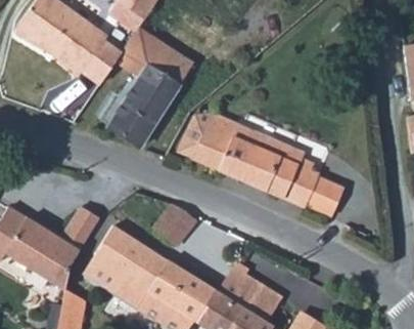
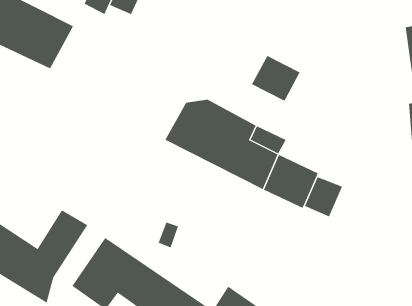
building: [104,32,176,145] -> none
building: none -> [251,55,300,101]

